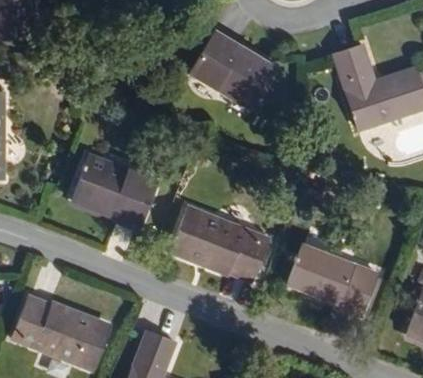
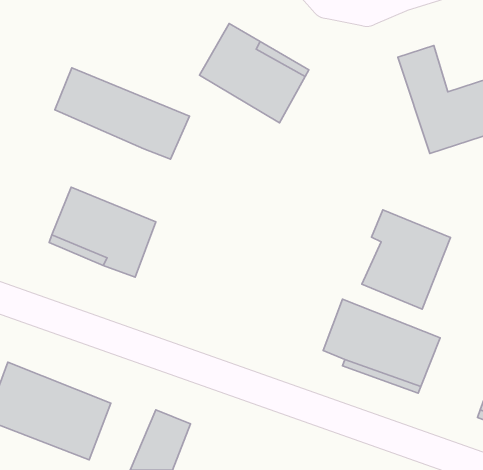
building: none -> [55,68,189,159]
building: none -> [362,210,450,309]
building: [164,206,263,283] -> none

